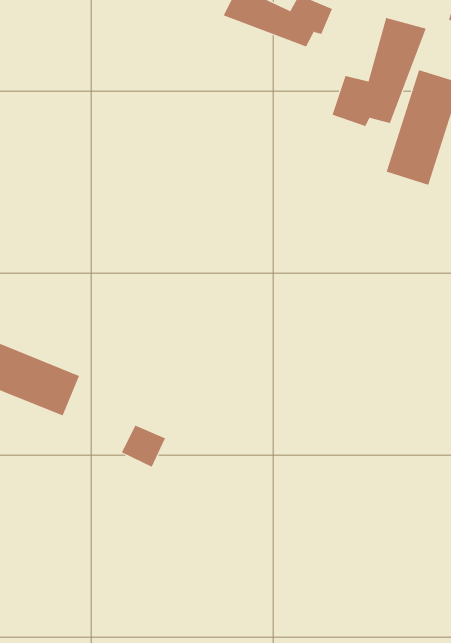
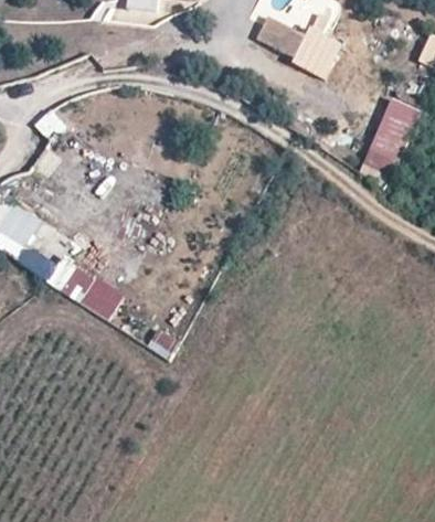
building: [332,17,426,127] -> none

